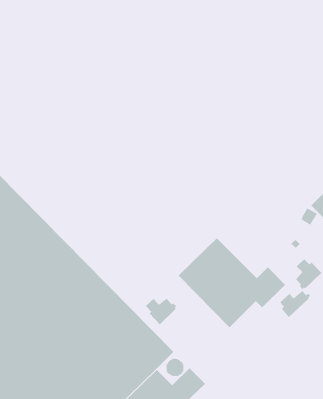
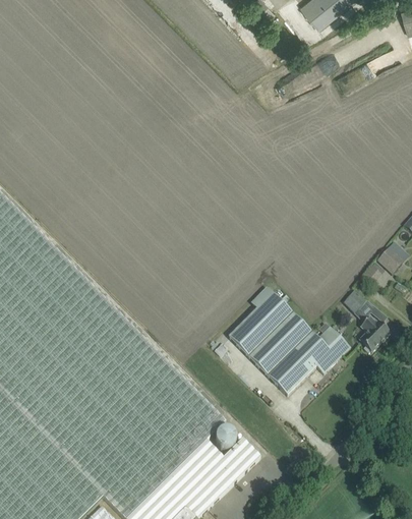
building: [279,290,311,318] -> none
building: [145,298,177,325] -> none

